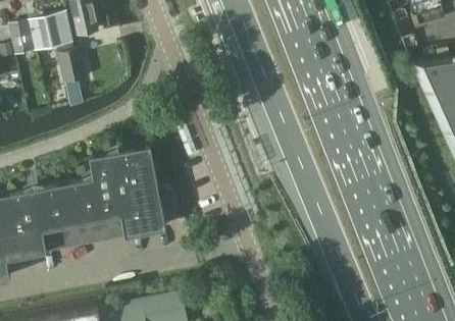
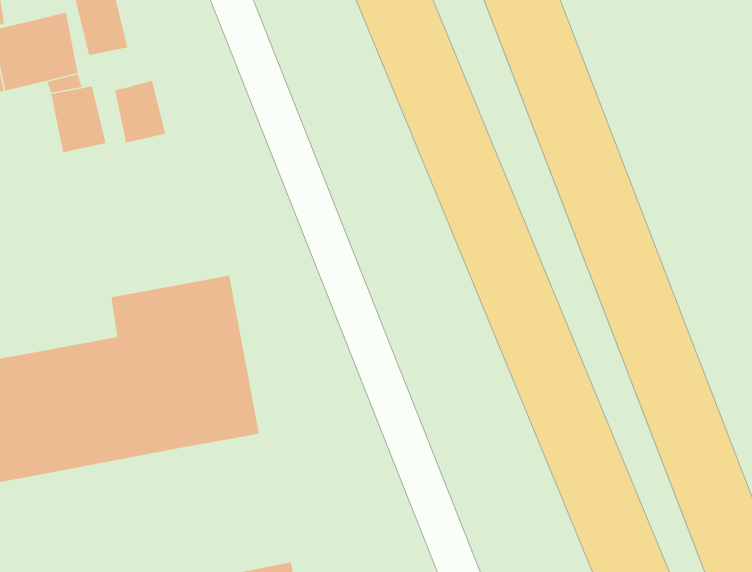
building: none -> [114,80,166,143]

